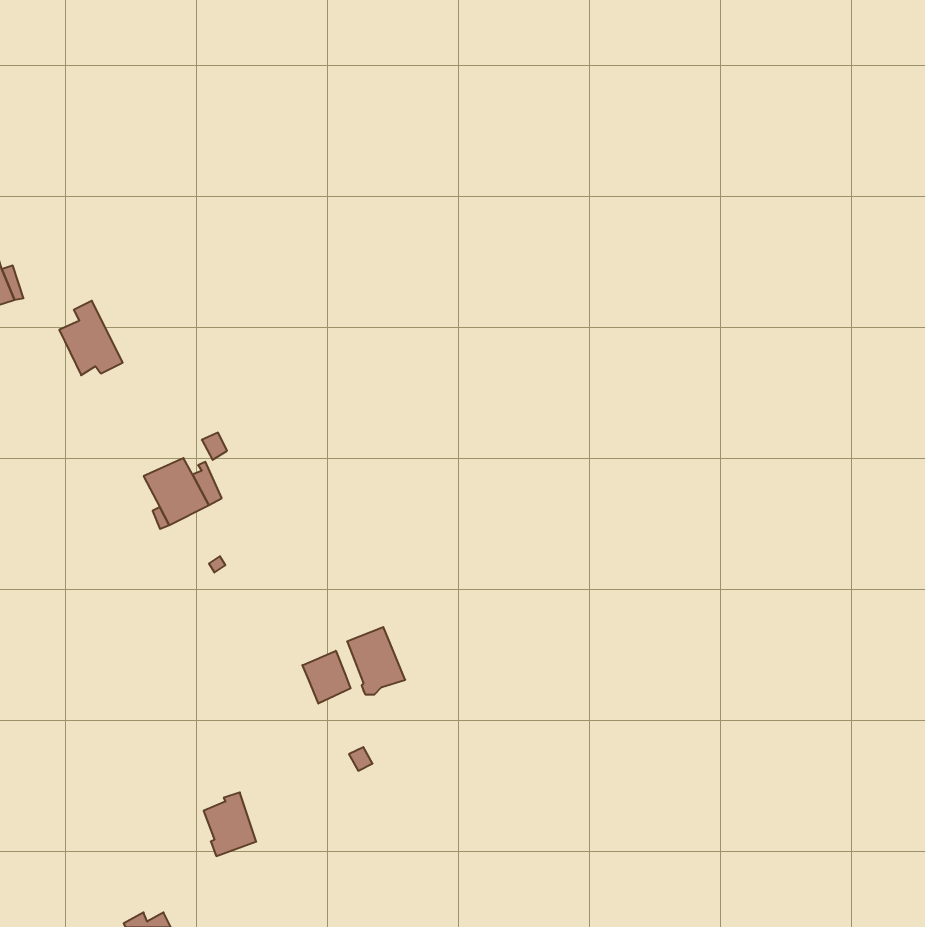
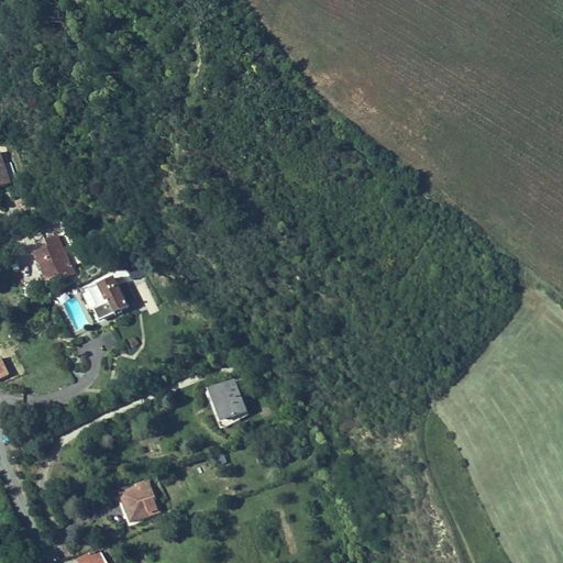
building: [59,301,123,375] -> [34,234,73,279]
building: [302,651,351,704] -> none

